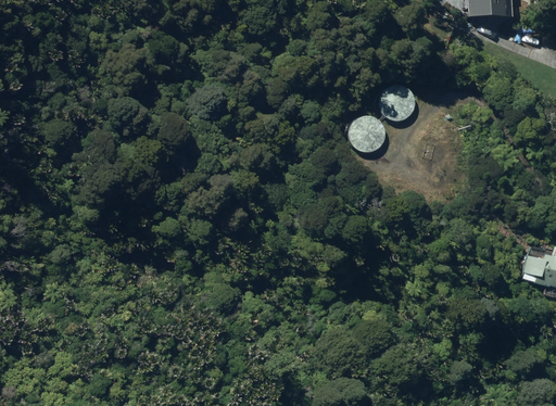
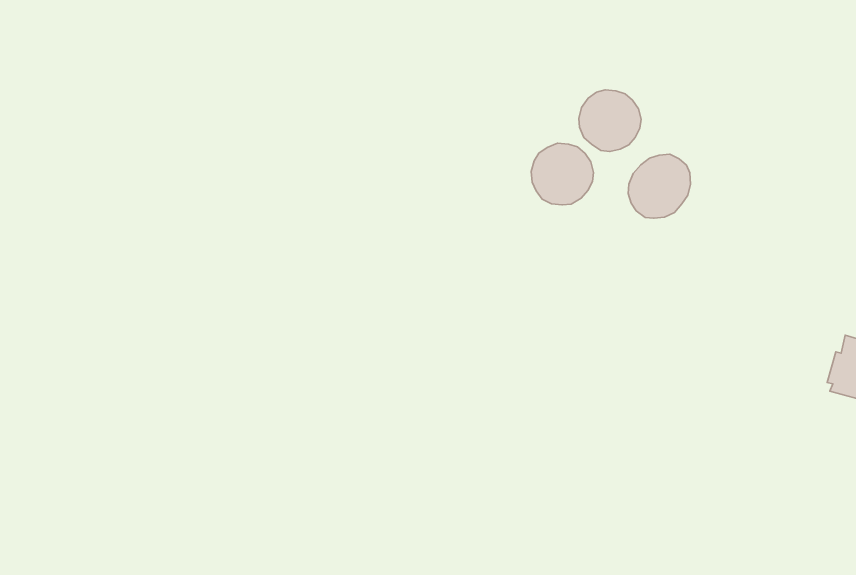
building: none -> [628,154,691,218]

